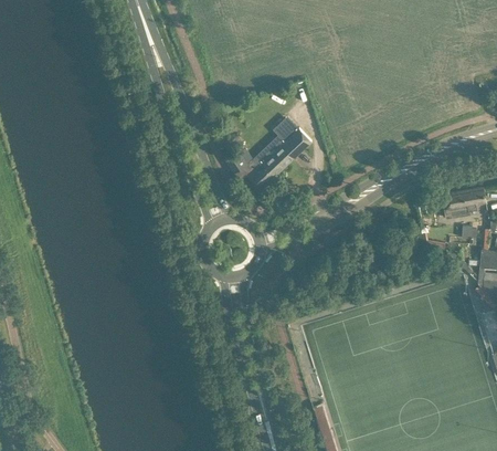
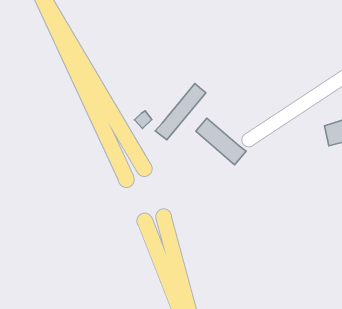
building: none -> [196,118,246,165]

